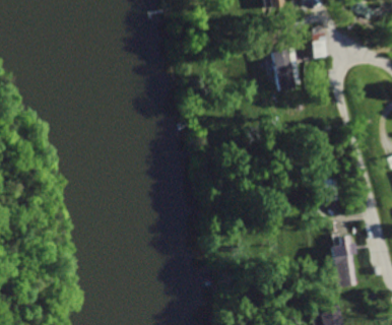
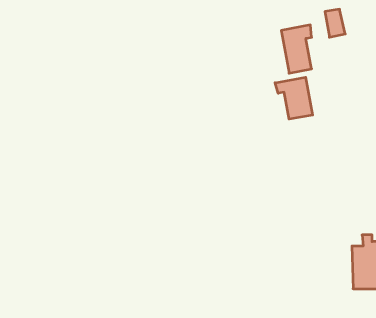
building: none -> [275,77,313,119]

